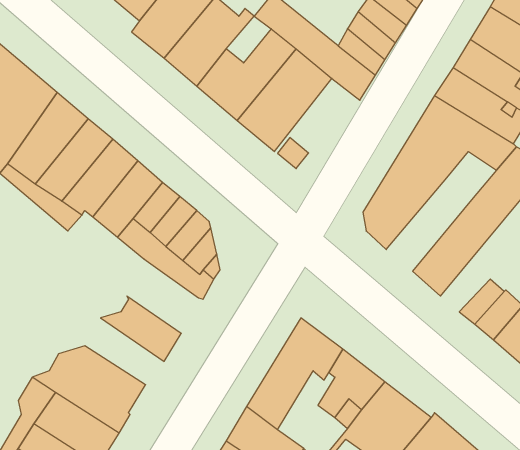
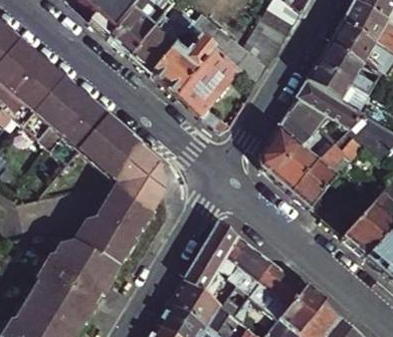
building: none -> [275,130,331,191]
building: none -> [108,183,154,231]
building: none -> [80,221,132,265]

